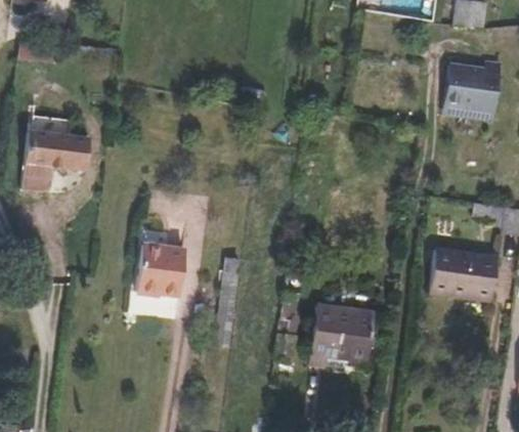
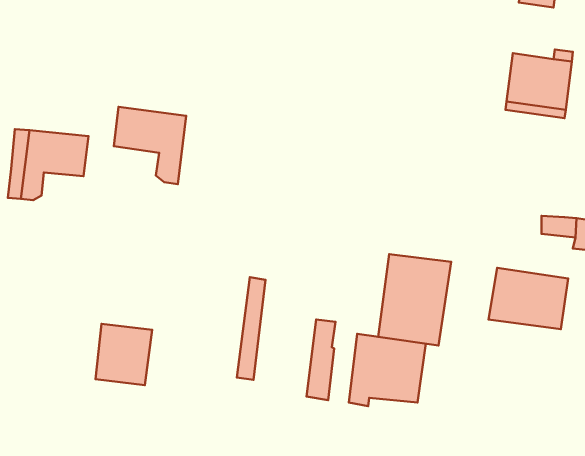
building: none -> [114,107,186,184]
building: [139,234,187,287] -> [95,324,152,385]
building: none -> [378,254,451,345]

